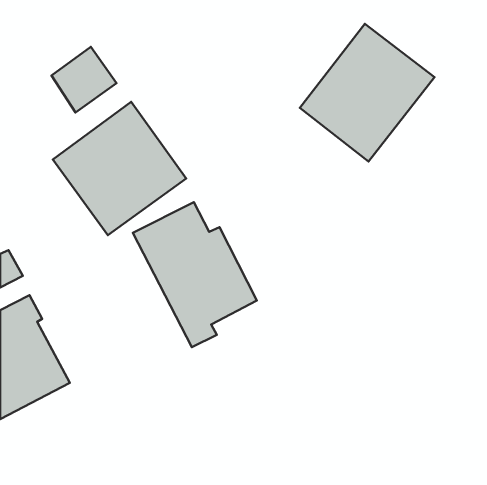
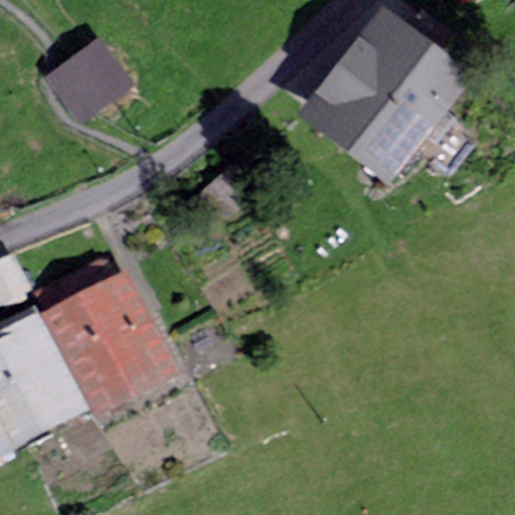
building: [53,102,186,235] -> none
building: [133,202,257,347] -> [38,267,169,419]

